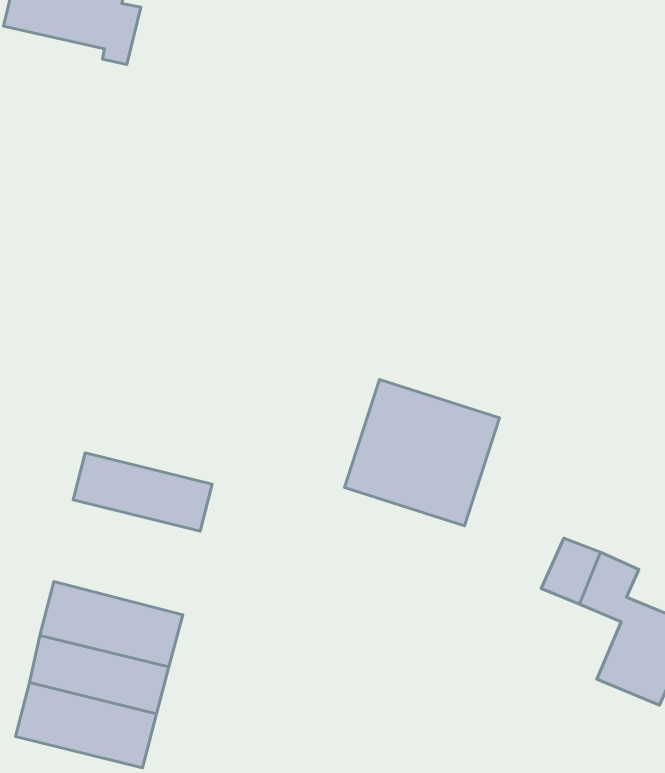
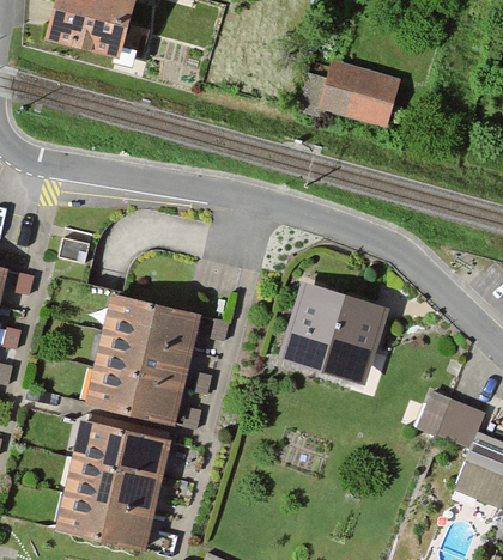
building: none -> [321,61,398,124]
building: none -> [103,296,200,354]
building: none -> [85,365,182,424]

